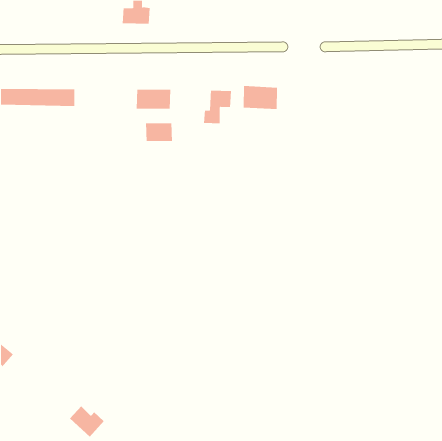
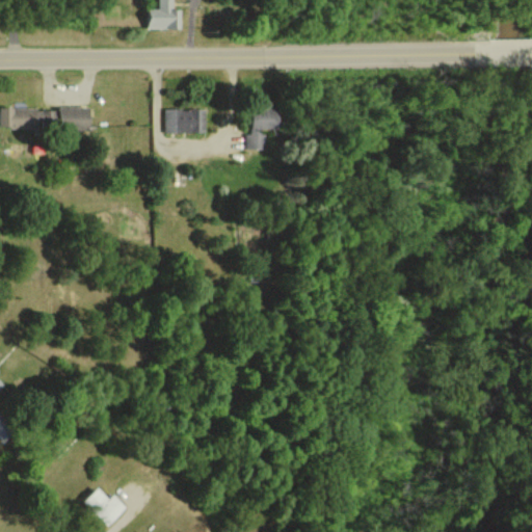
building: [243,85,278,110] -> none
building: [145,122,172,142] -> none

